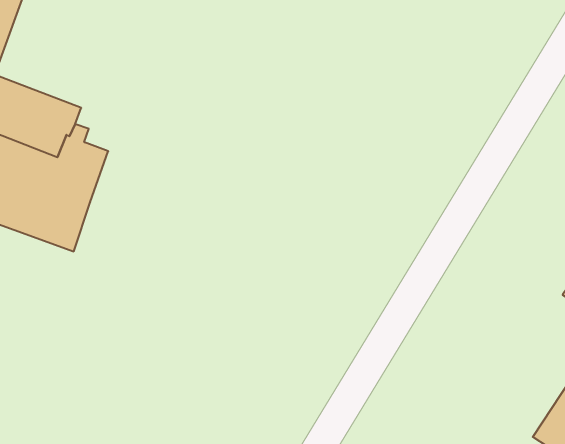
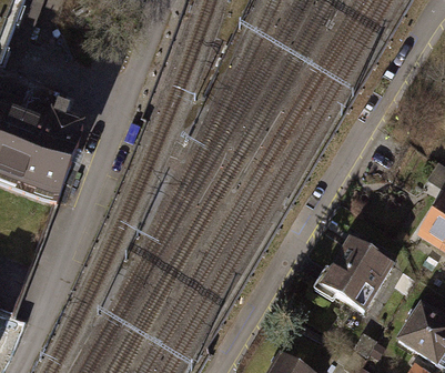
building: none -> [322,239,391,310]

